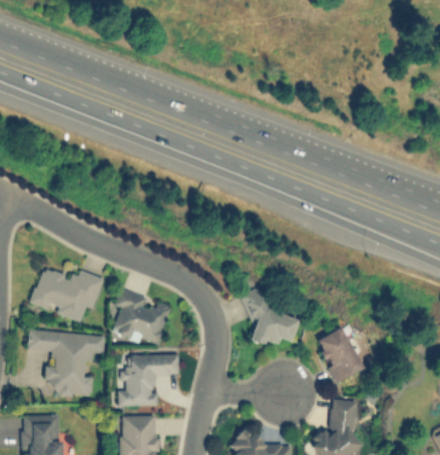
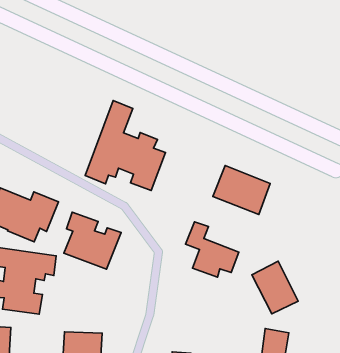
building: none -> [85,101,166,190]
building: none -> [213,165,270,214]
building: [118,355,179,407] -> none

